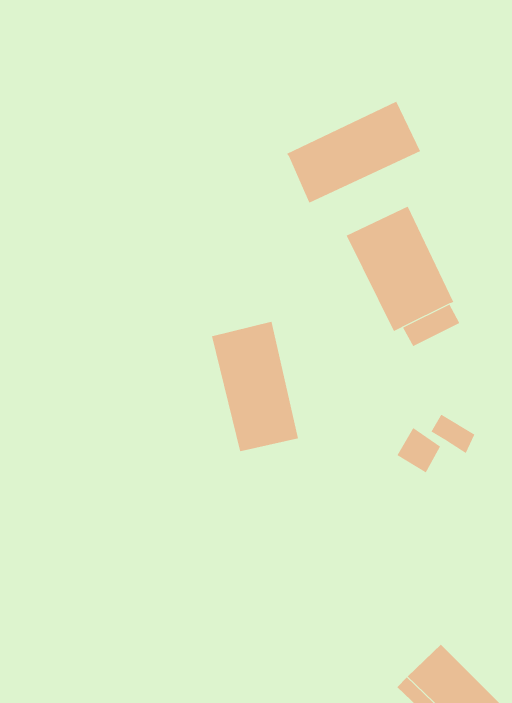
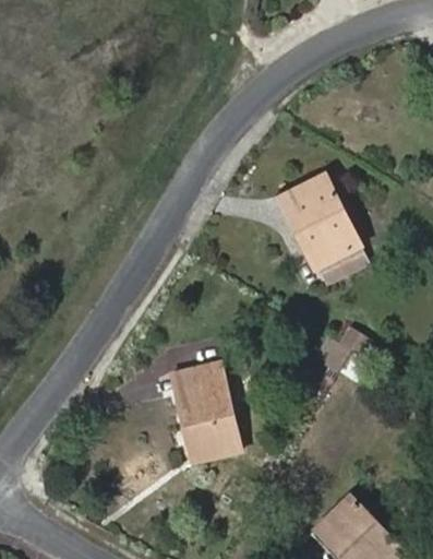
building: [286,101,421,204] -> none
building: [211,321,299,452] -> [173,364,238,460]

